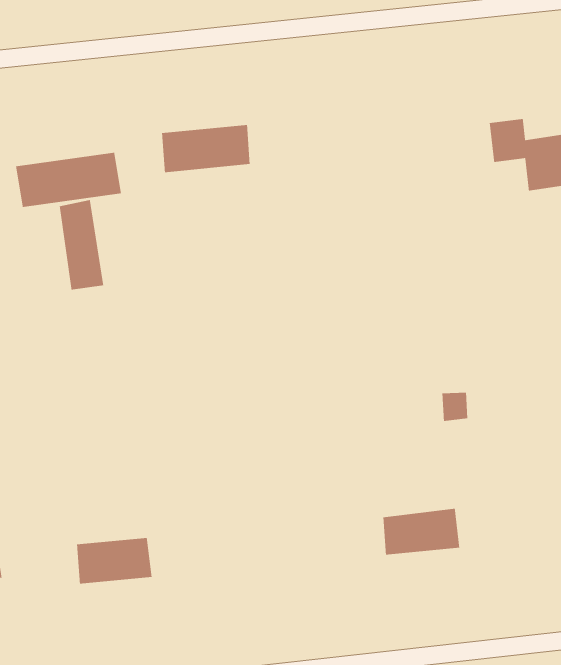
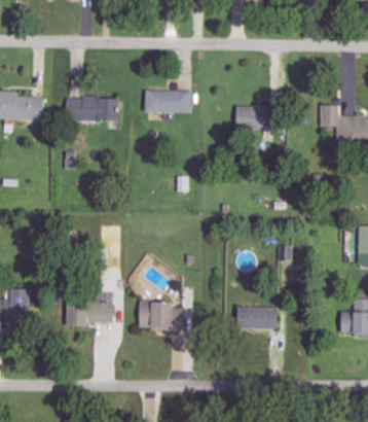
building: none -> [233,105,269,130]
building: [59,199,104,291] -> none
building: none -> [138,301,183,330]

